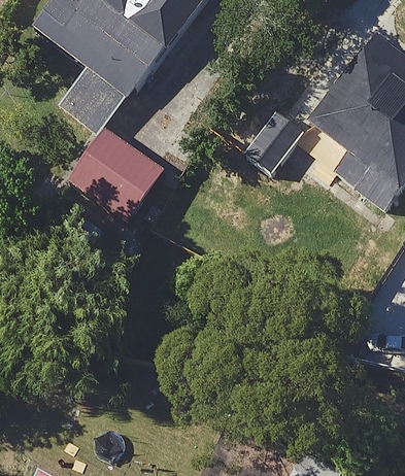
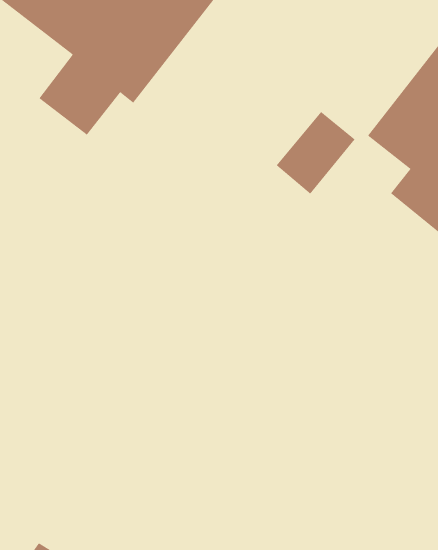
building: [72,131,165,220] -> none

